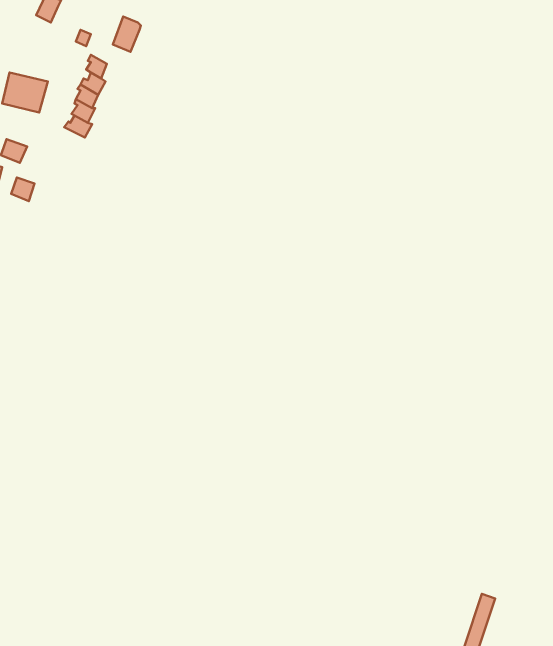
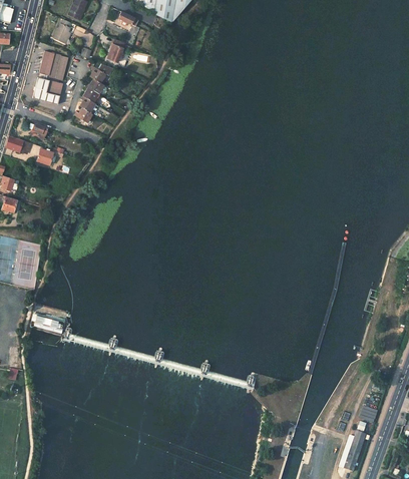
building: none -> [36,51,66,80]

